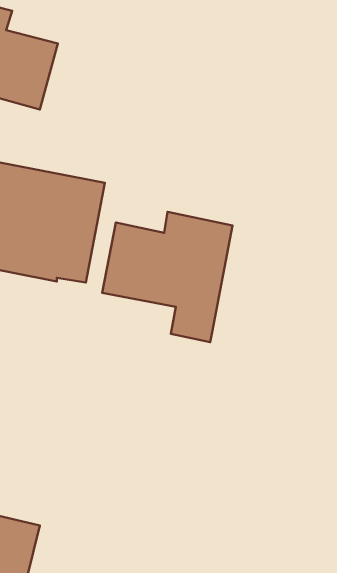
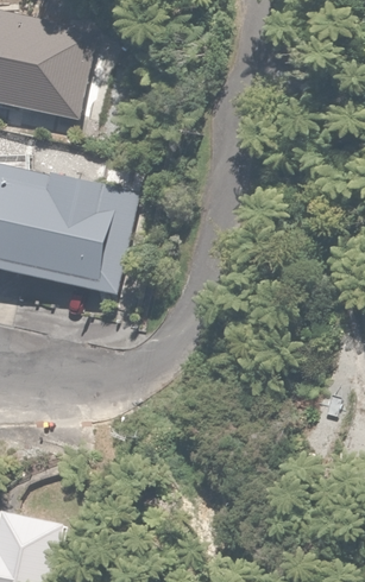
building: [102,212,233,342] -> none

